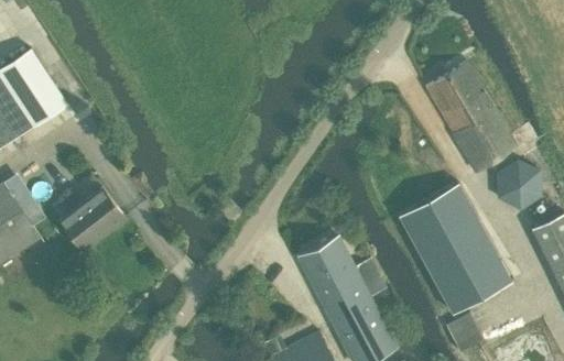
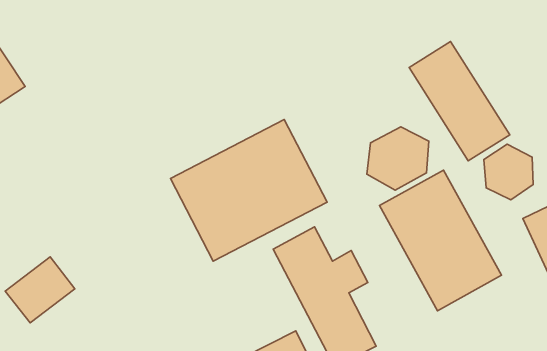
building: none -> [170,119,327,261]
building: none -> [367,127,429,190]
building: [59,189,124,251] -> [5,257,75,323]

